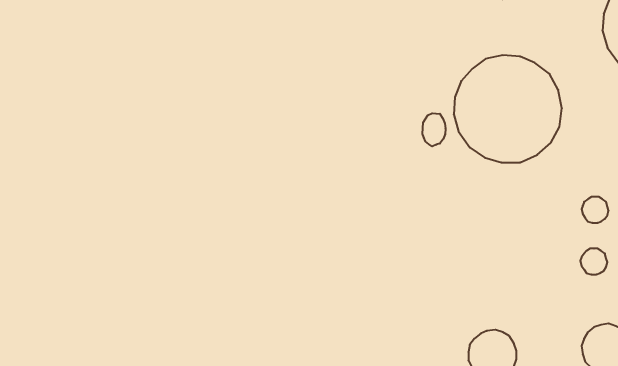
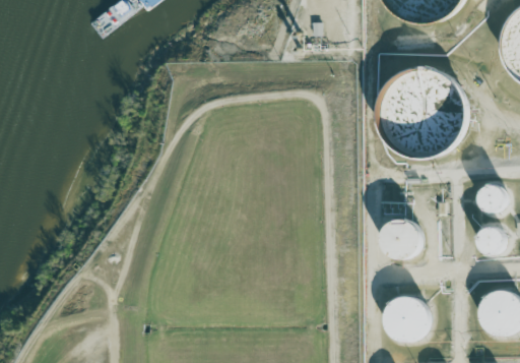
building: [422,113,445,146] -> none
building: none -> [384,219,421,257]

